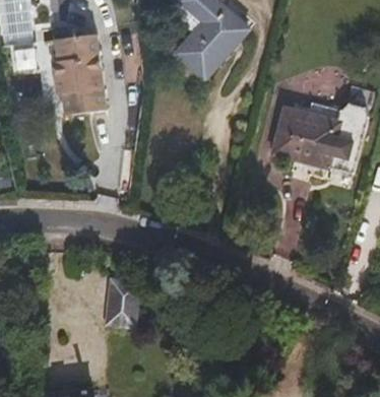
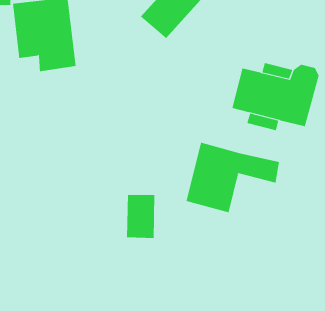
building: none -> [186,142,280,213]
building: [108,286,139,334] -> [126,194,155,238]

